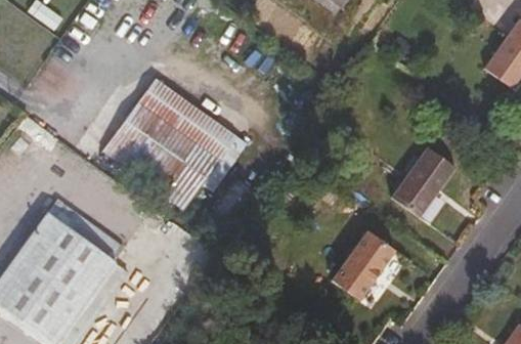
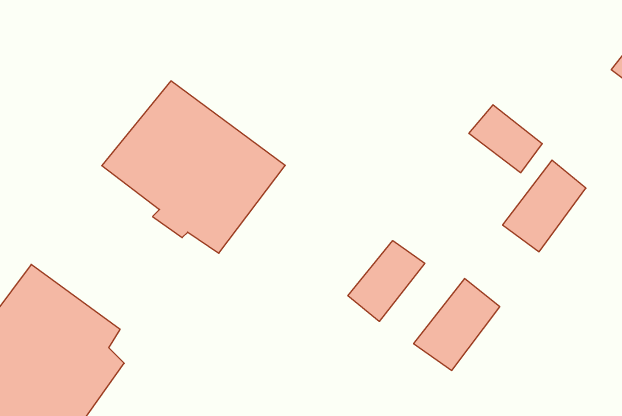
building: none -> [469,105,542,173]
building: none -> [348,241,425,321]

